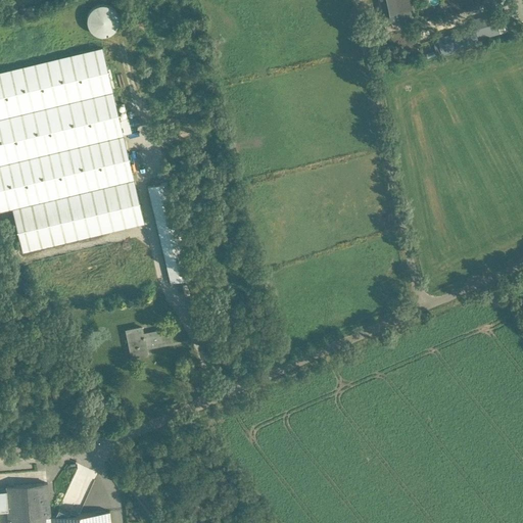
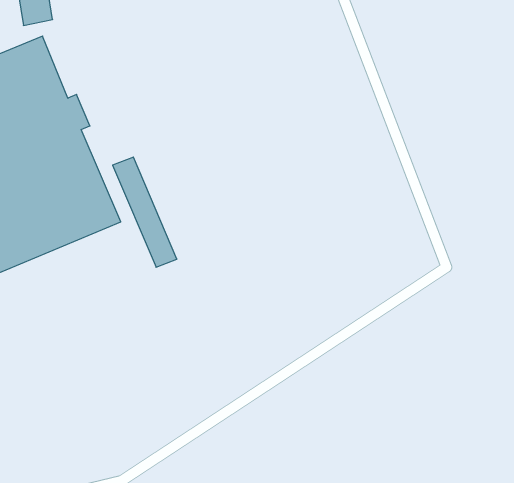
building: [121,330,172,361] -> none

